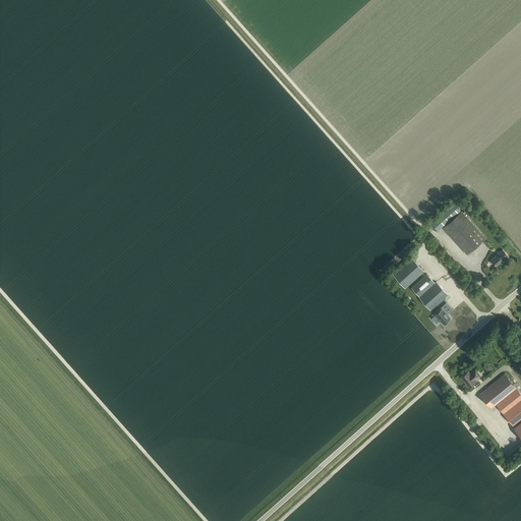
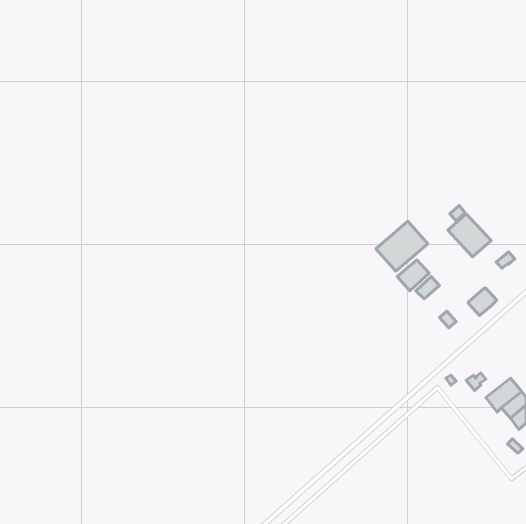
building: none -> [376,221,428,271]
building: [419,283,448,310] -> [468,288,497,315]

